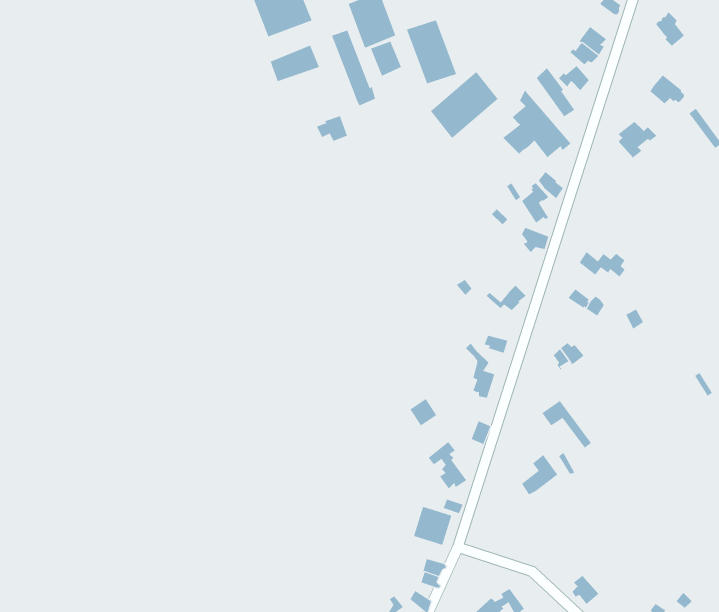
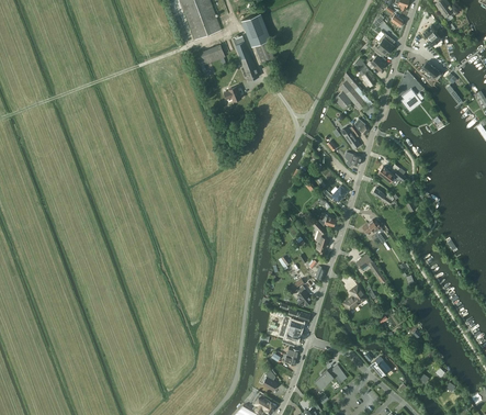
building: [406,19,457,84] -> none
building: [430,71,498,139] -> none

